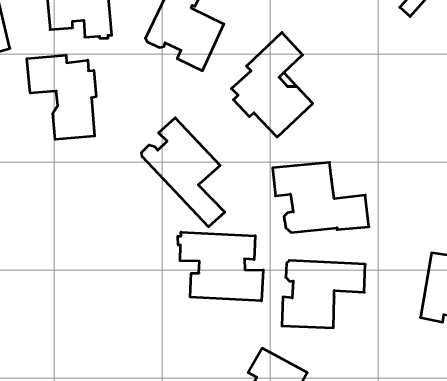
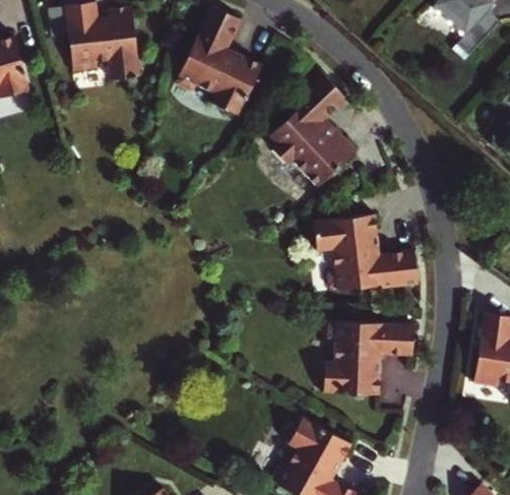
building: [27,55,96,139] -> none
building: [141,118,225,227] -> none
building: [178,232,263,301] -> none

